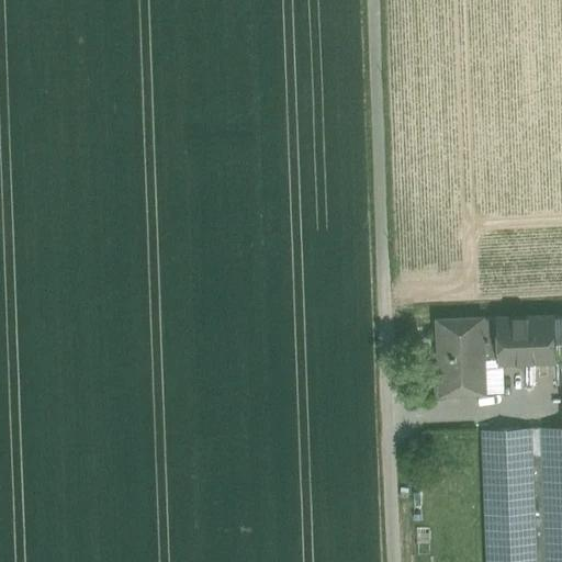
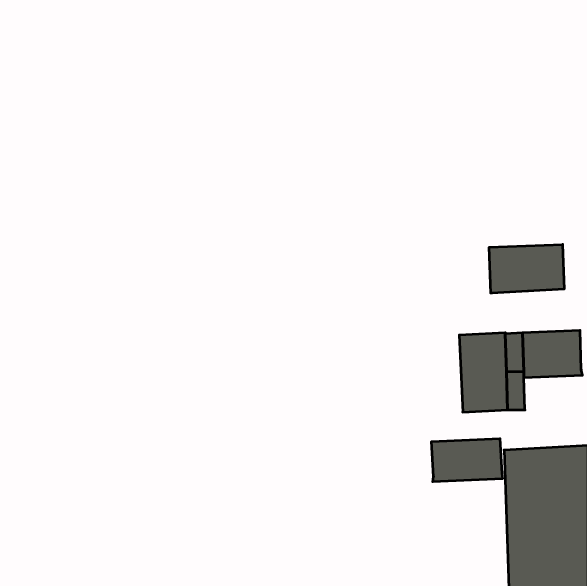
building: none -> [489,244,564,293]
building: none -> [432,439,502,482]

